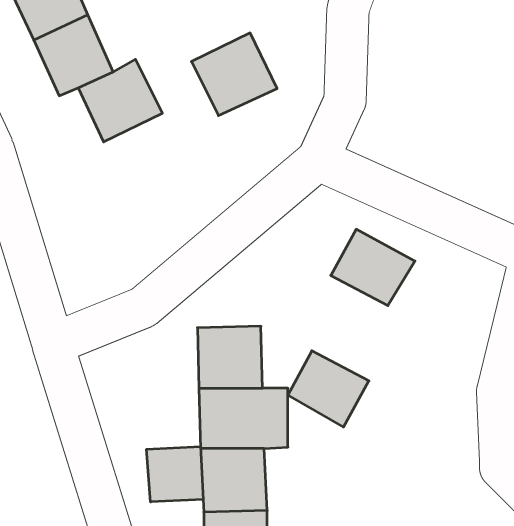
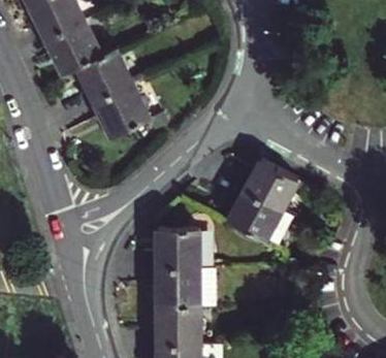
building: [191,33,277,116] -> [93,86,149,139]
building: [288,351,369,427] -> [225,191,278,240]
building: [147,447,203,502] -> none

